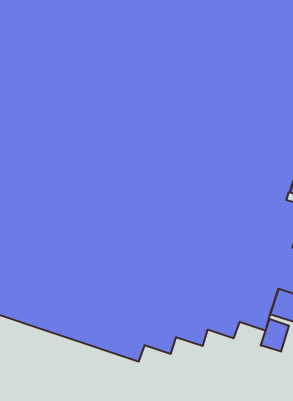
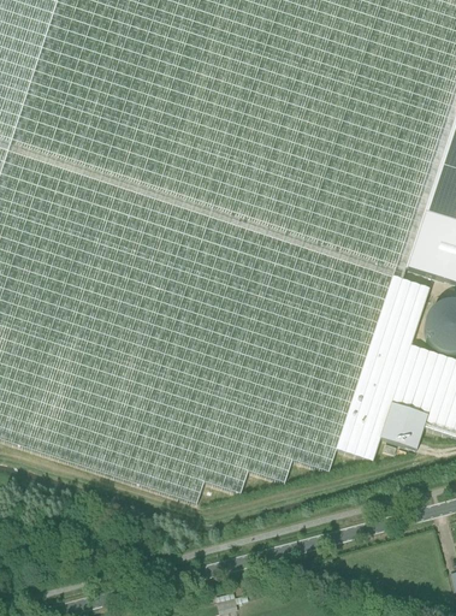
building: [261,319,289,352] -> none

